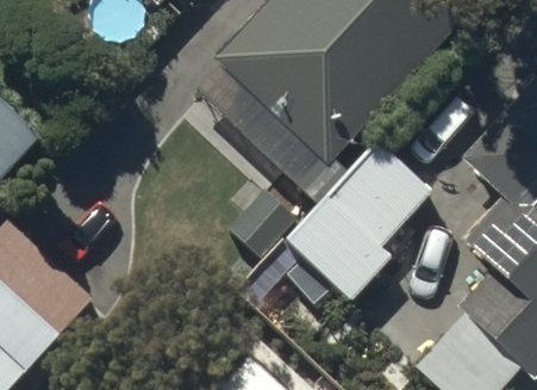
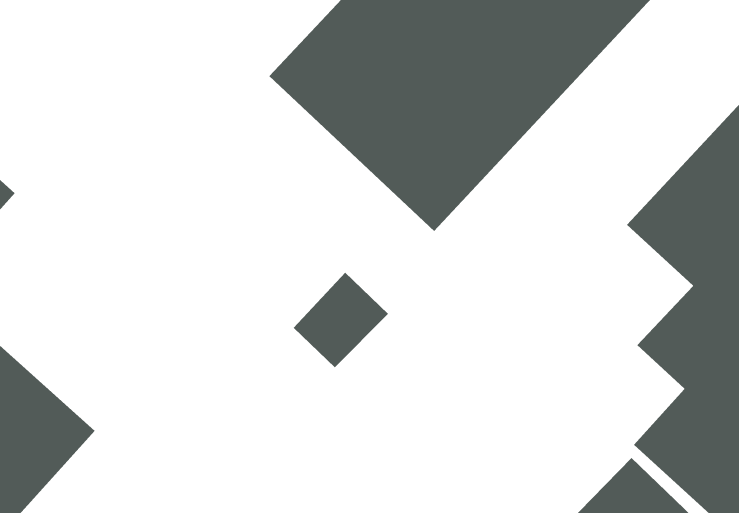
building: [283,141,429,302] -> none

